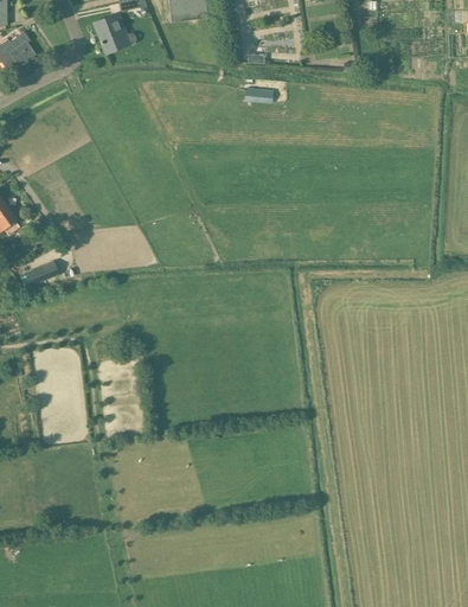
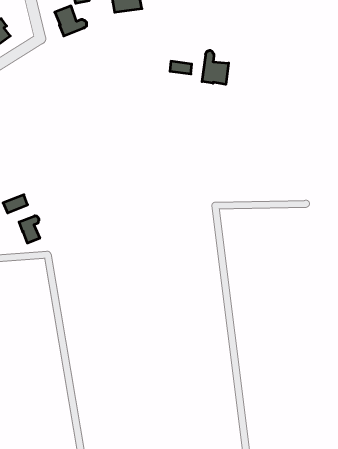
building: none -> [202,50,229,84]
building: none -> [19,216,40,243]

